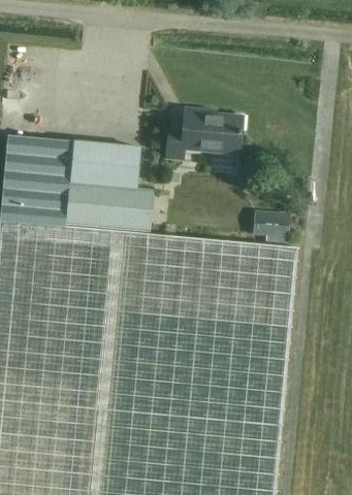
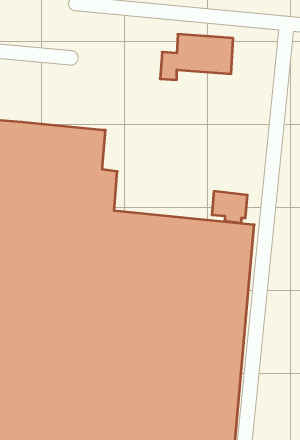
building: [165,113,242,161] -> [160,34,233,80]

